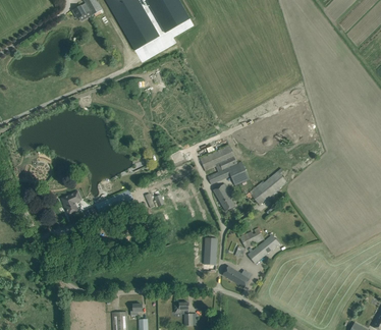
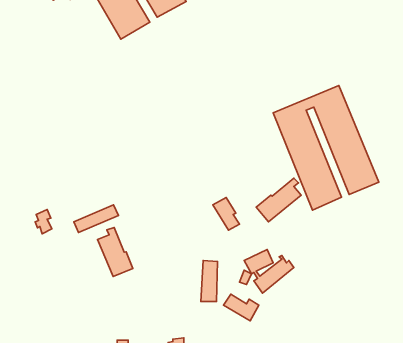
building: none -> [273,86,379,210]
building: [200,146,250,184] -> none
building: none -> [98,227,133,276]

